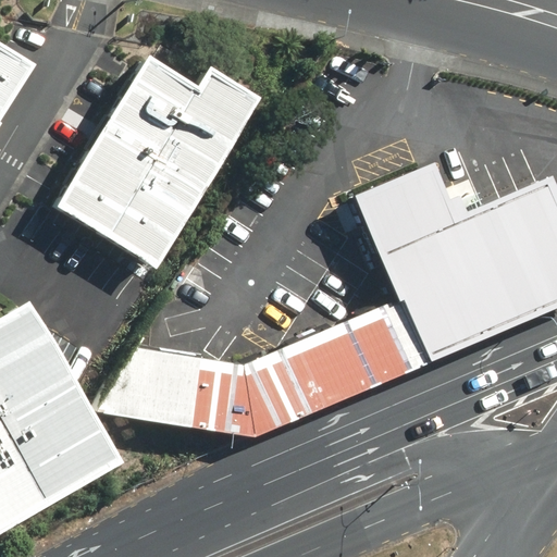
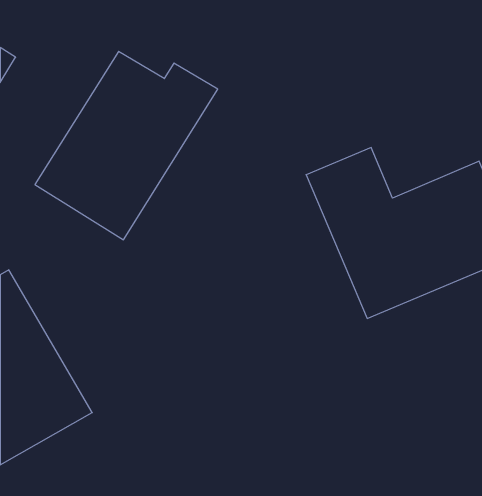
building: [96,298,431,437] -> none

